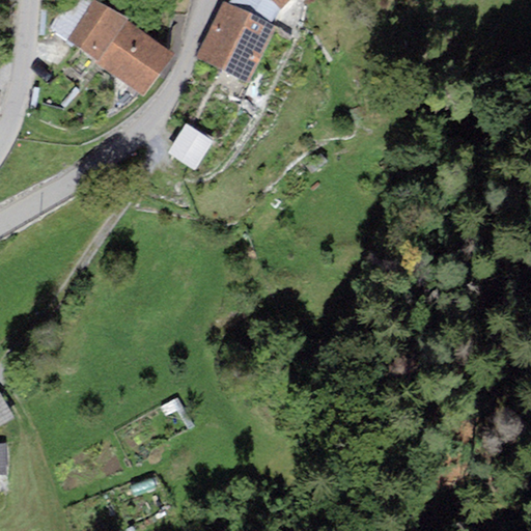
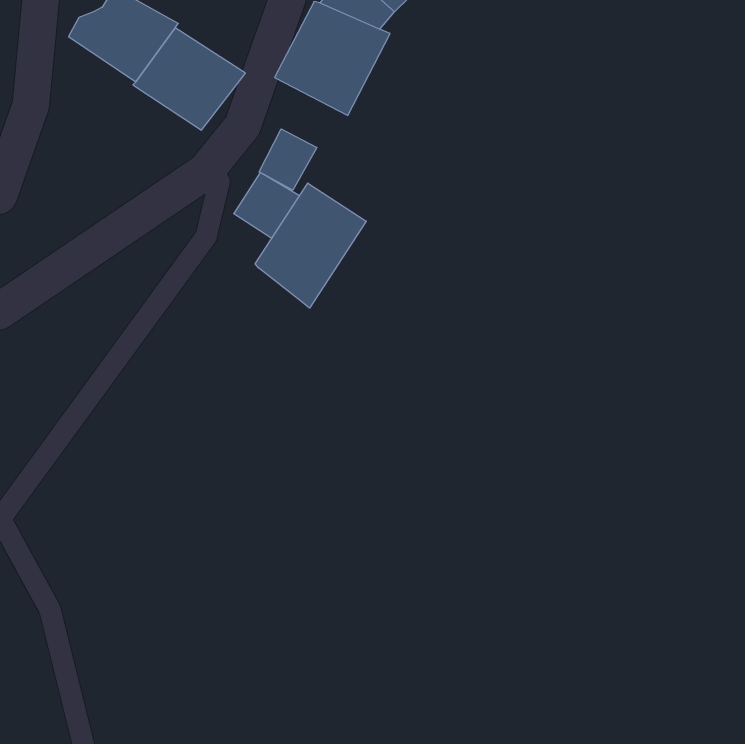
building: none -> [259,129,317,190]
building: none -> [255,183,366,308]

